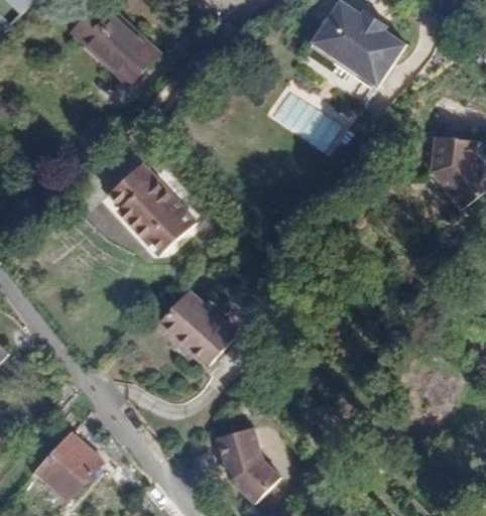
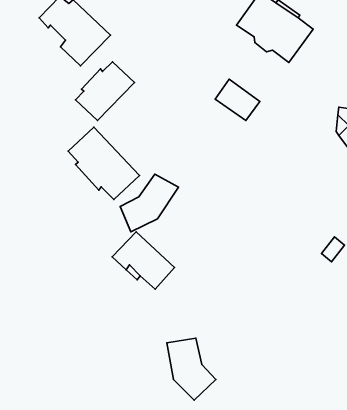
building: none -> [76,62,134,121]
building: none -> [120,174,179,232]
building: [31,439,94,502] -> none

